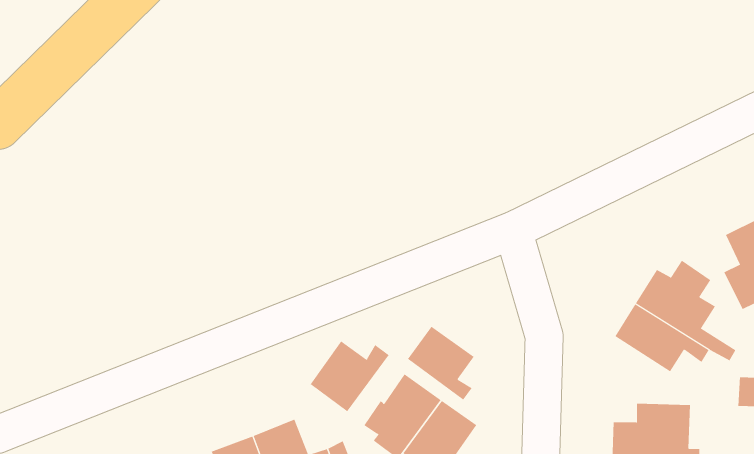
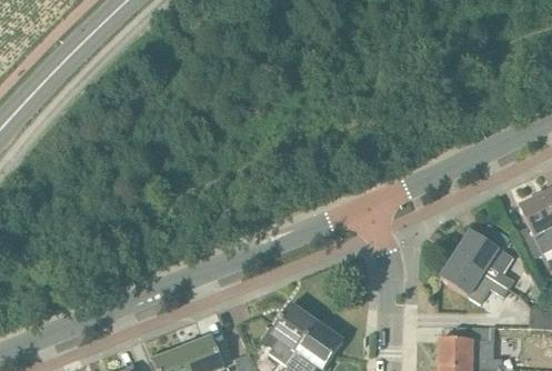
building: [407,326,474,400] -> none
building: [310,341,390,412] -> none

